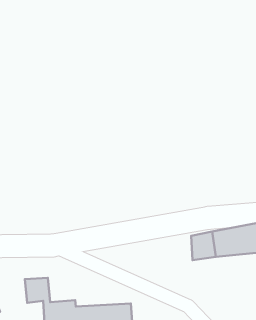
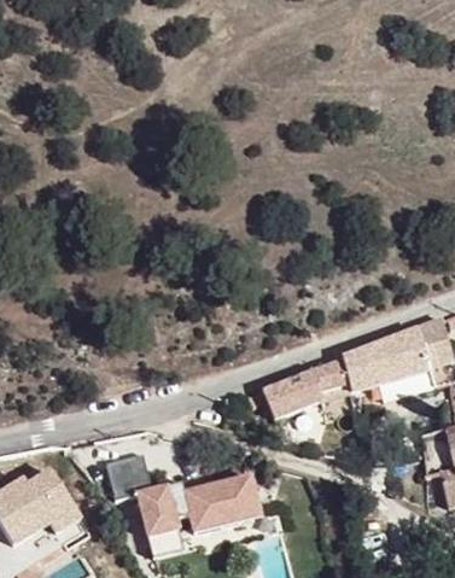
building: none -> [261,368,323,416]

